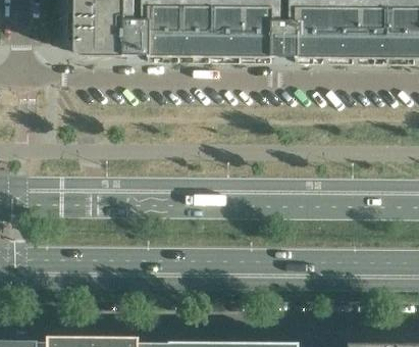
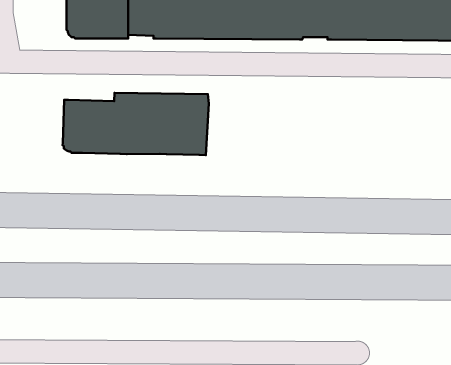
building: none -> [63,93,209,155]

